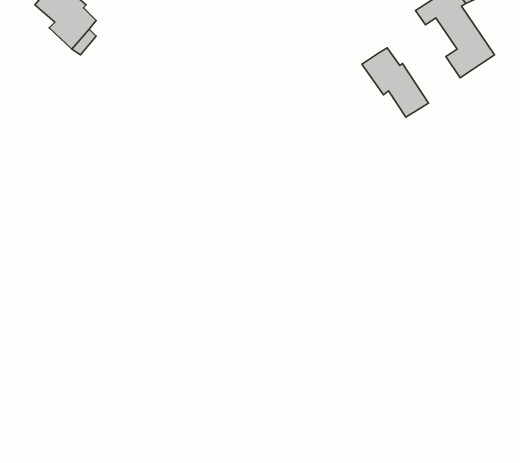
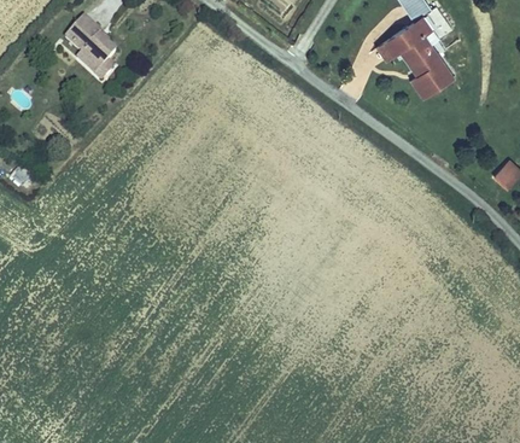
building: [362,48,429,117] -> none

